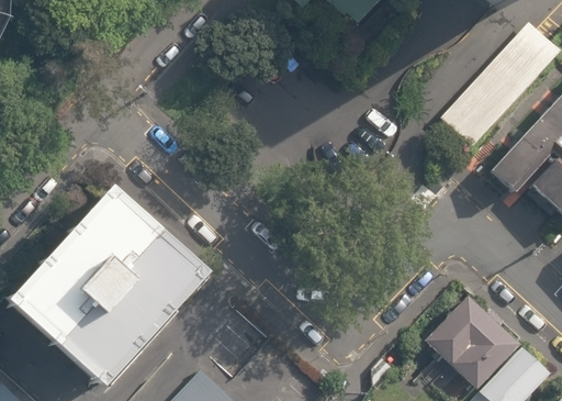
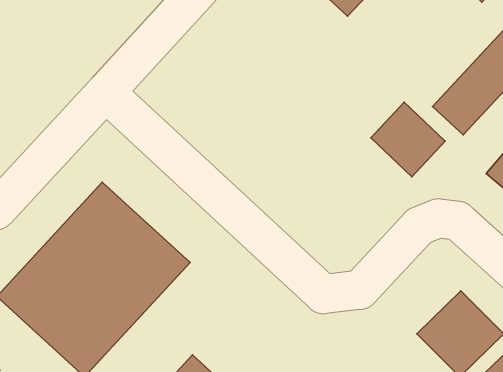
building: none -> [371,102,445,177]

